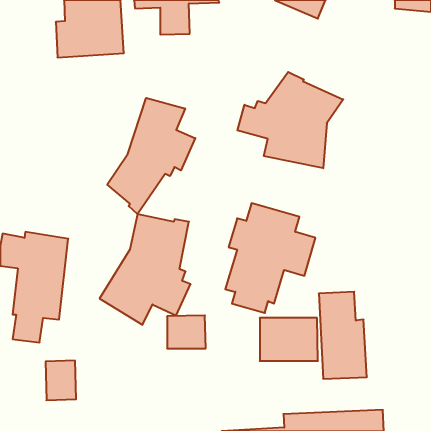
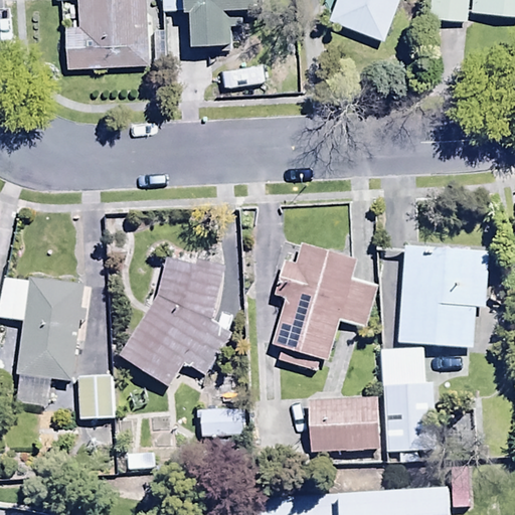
building: [237,72,343,168] -> none
building: [107,98,195,214] -> none
building: none -> [397,245,489,348]
building: [46,361,76,400] -> [77,352,114,399]

